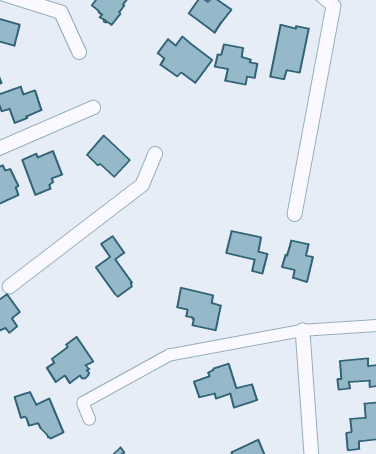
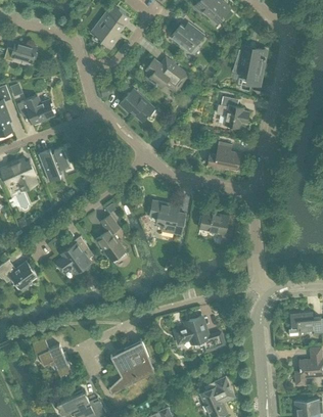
building: [215,44,257,84] -> [215,96,248,128]
building: [87,136,130,177] -> [120,89,153,122]
building: none -> [206,141,240,171]
building: [282,240,313,282] -> none
building: [177,288,221,330] -> [149,200,184,234]
building: [47,337,93,383] -> [56,236,93,273]
building: none -> [109,339,150,380]

